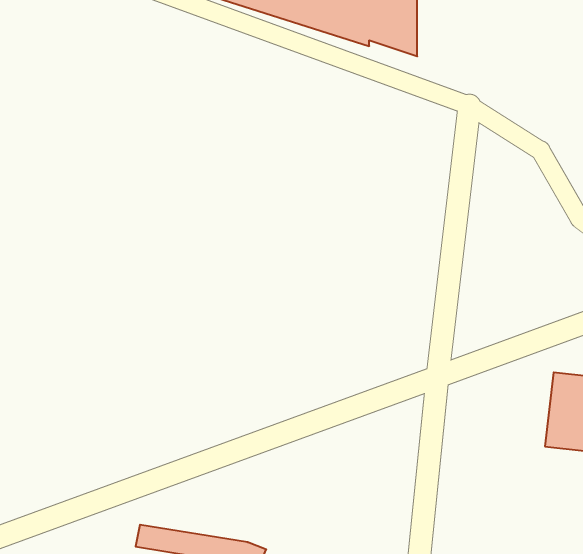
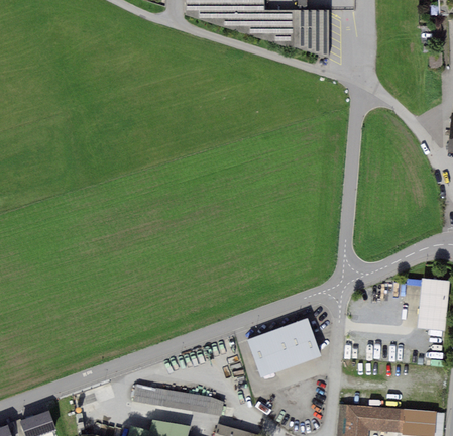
building: none -> [248,319,320,377]

